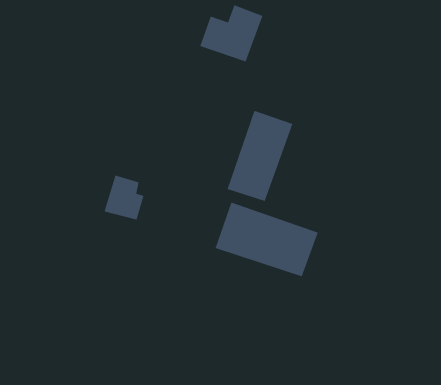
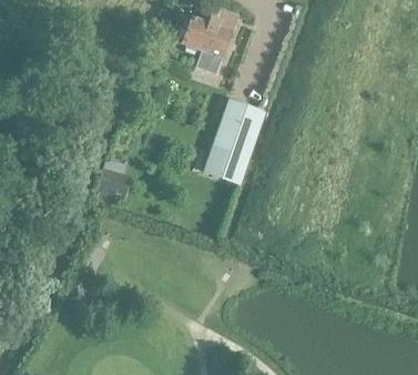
building: [215,202,319,278] -> none

